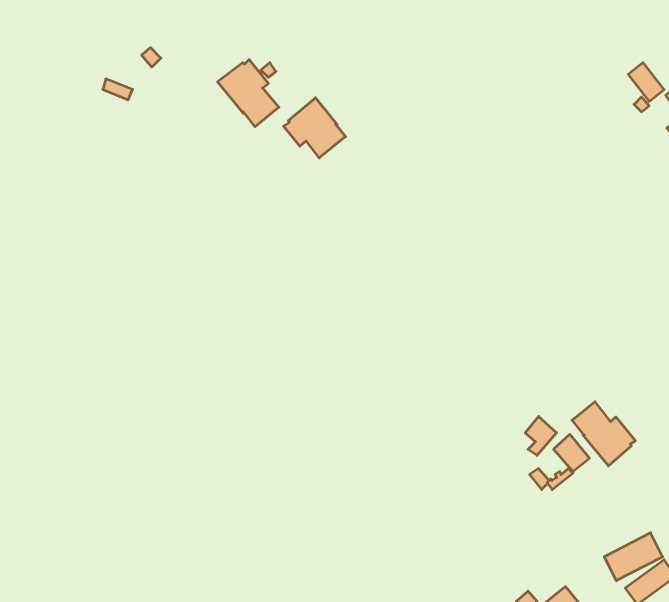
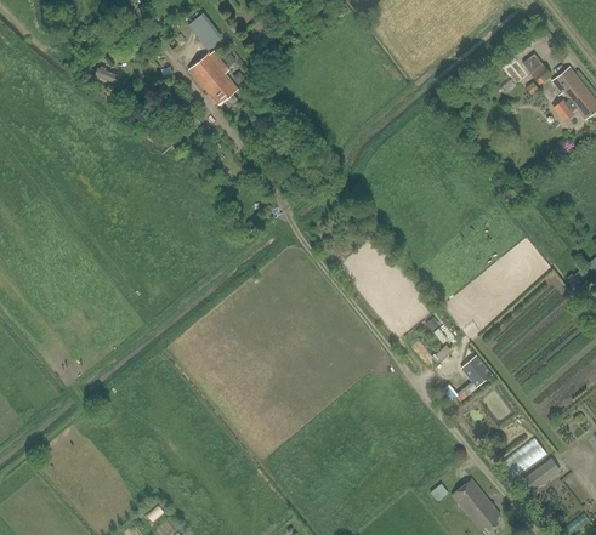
building: none -> [191,11,222,47]
building: [284,98,346,158] -> none
building: [572,402,635,466] -> none

